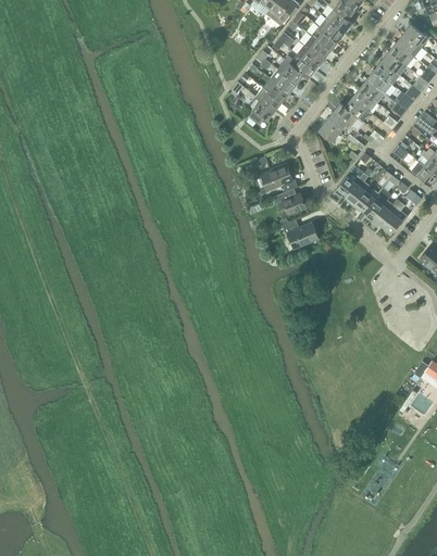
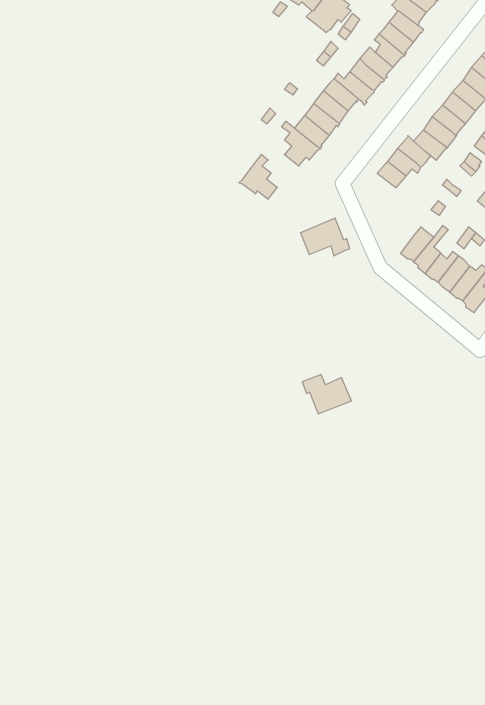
building: none -> [239,154,277,199]
building: [273,188,305,215] -> none
building: [282,219,319,249] -> [302,375,352,414]

